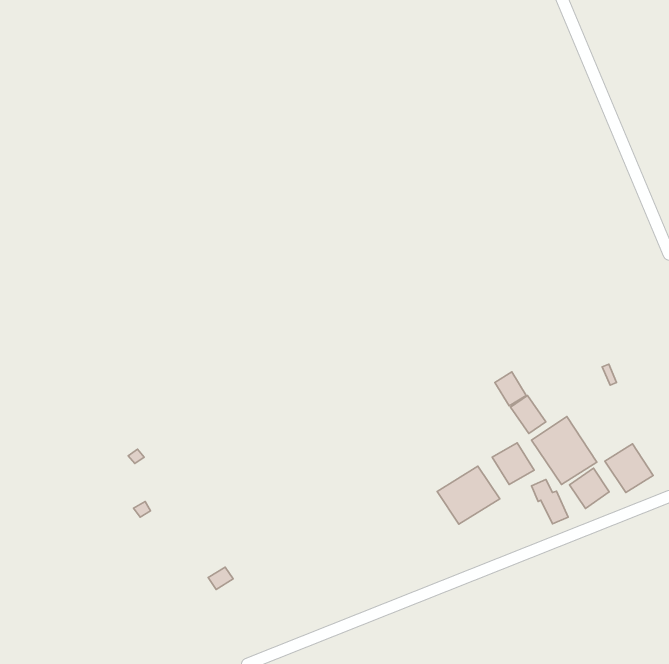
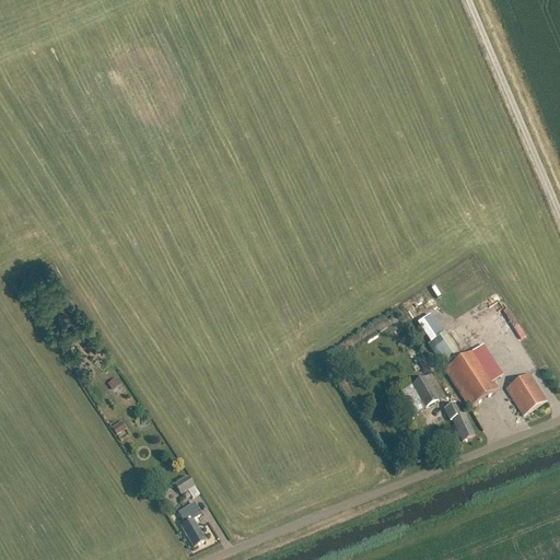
building: [437,466,500,524] -> none
building: [570,468,609,509] -> none
building: none -> [177,502,205,544]

